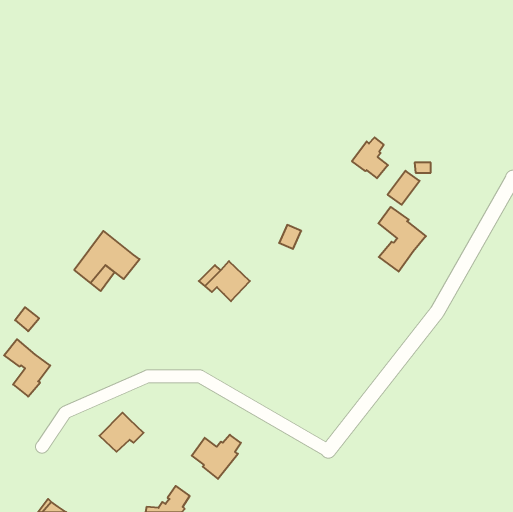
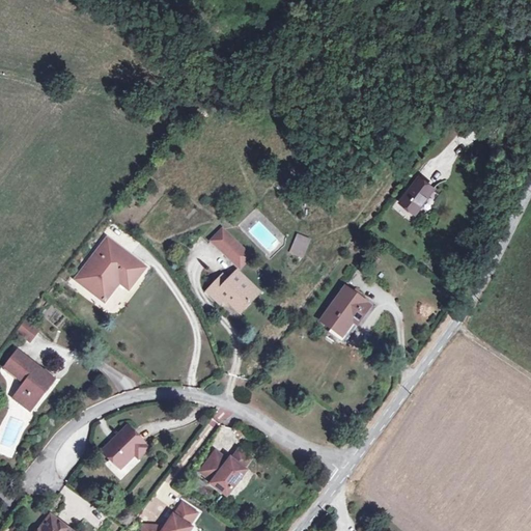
building: [352,137,388,178] -> none
building: [378,207,426,272] -> none
building: none -> [208,225,253,269]
building: none -> [320,287,370,338]

